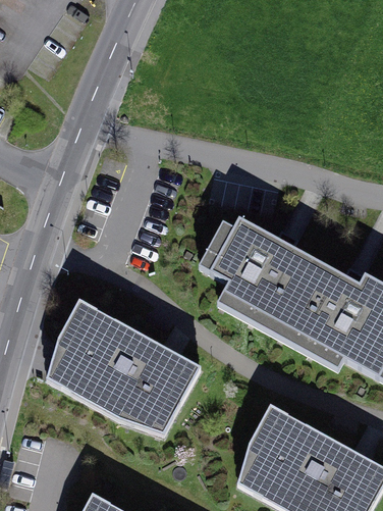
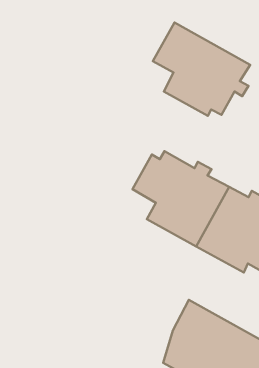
building: none -> [153,23,250,116]
building: [45,299,201,436] -> none

